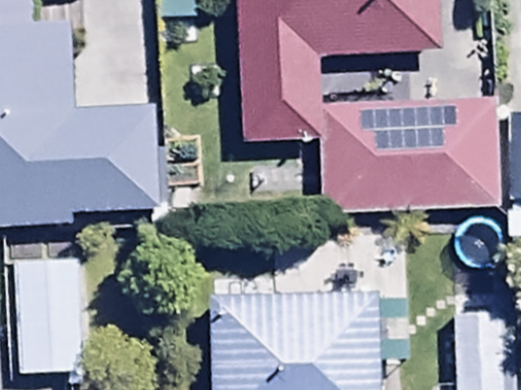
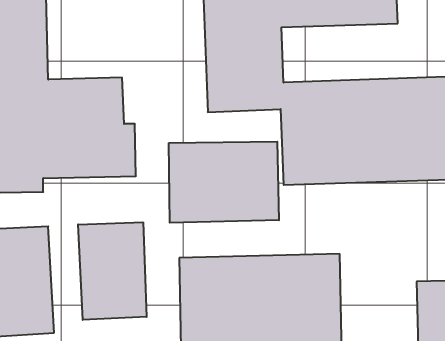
building: none -> [169,142,279,223]
building: none -> [78,222,147,320]

